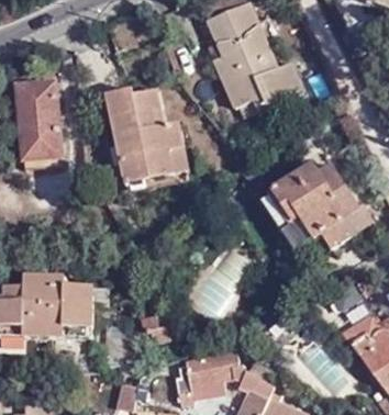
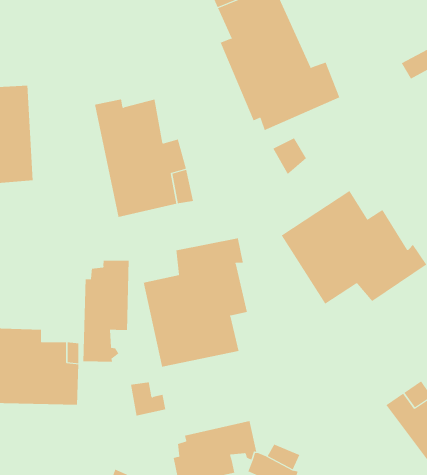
building: none -> [143,238,247,368]
building: none -> [83,260,129,362]

